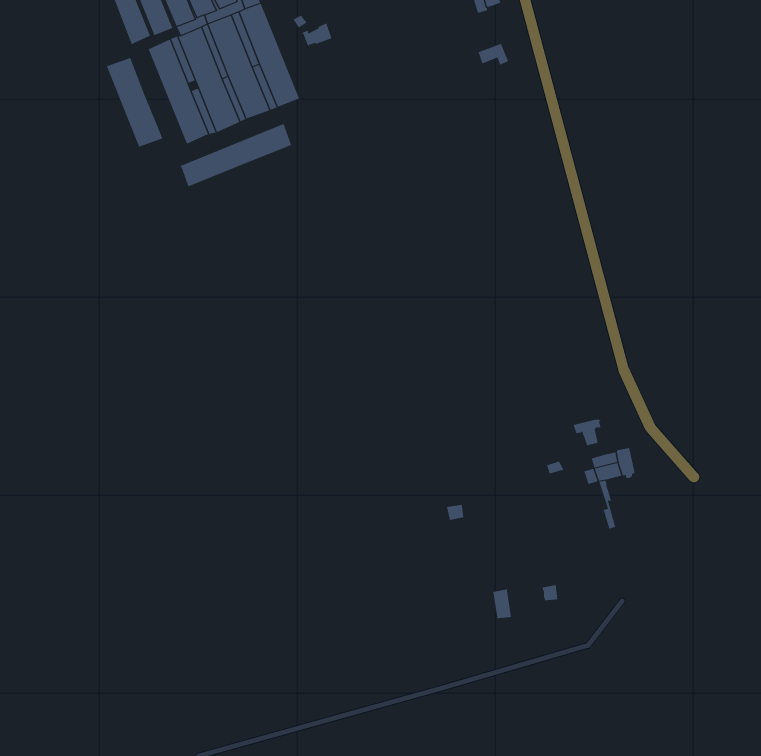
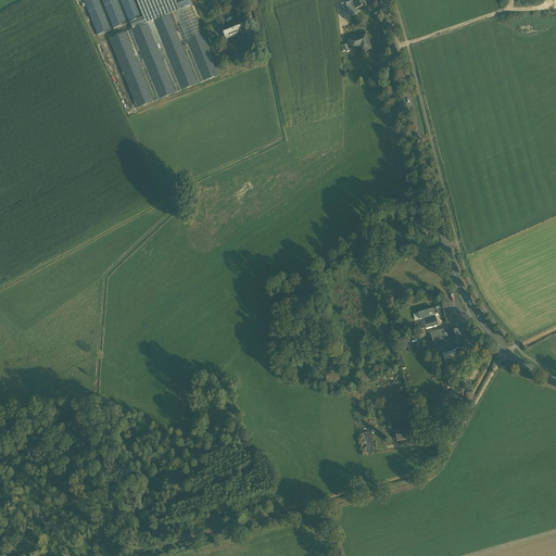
building: [106,57,163,147] -> none
building: [179,123,292,187] -> none

